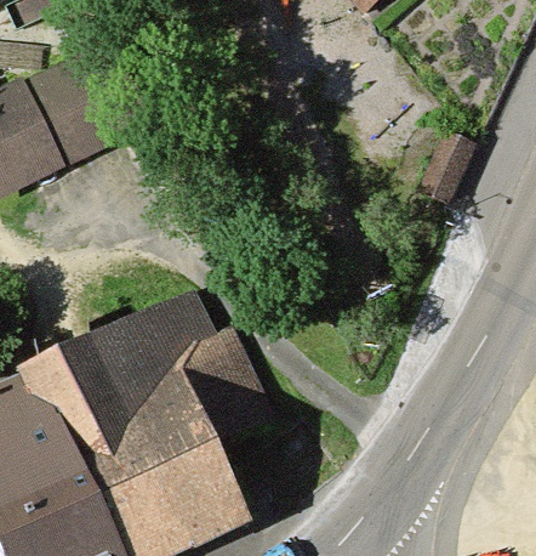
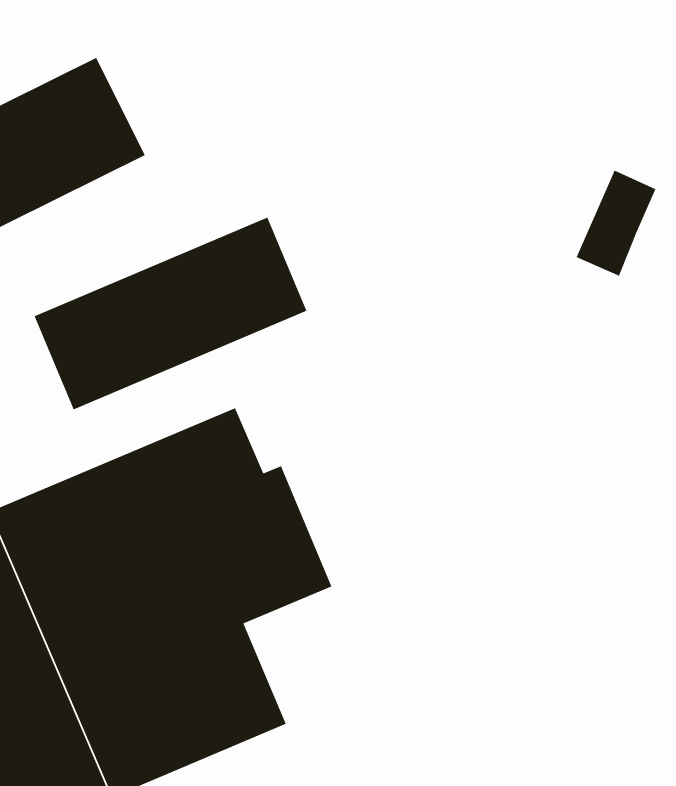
building: none -> [33,216,308,411]

